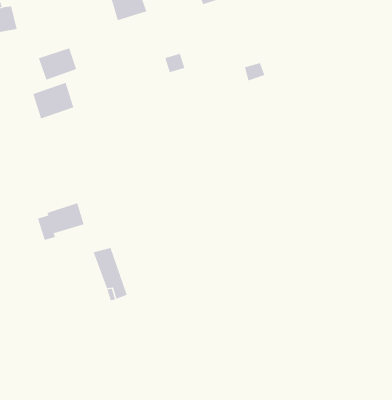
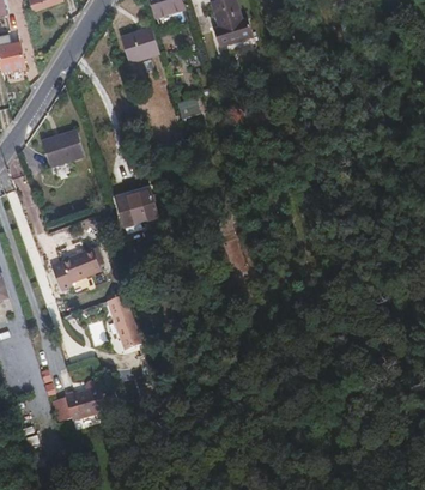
building: [38,47,77,81] -> none
building: none -> [117,190,158,228]
building: none -> [66,394,105,427]

